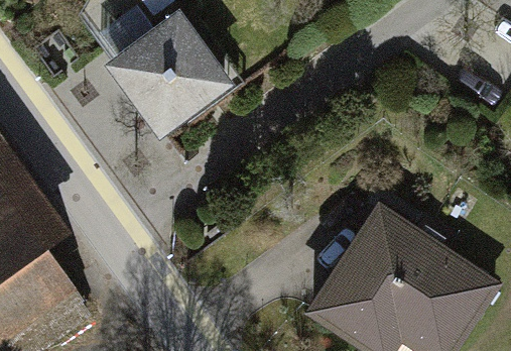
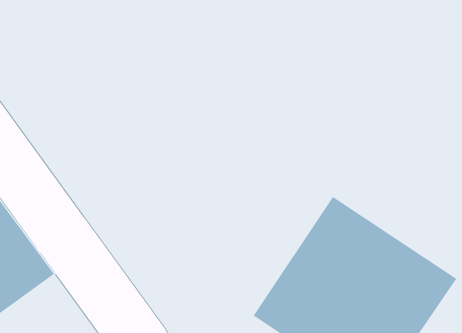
building: [100,10,238,148] -> none

